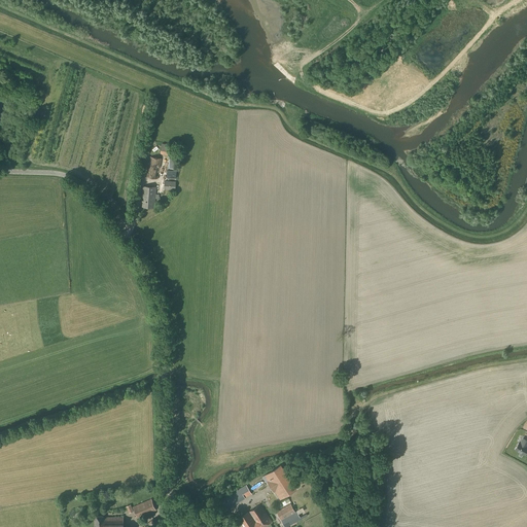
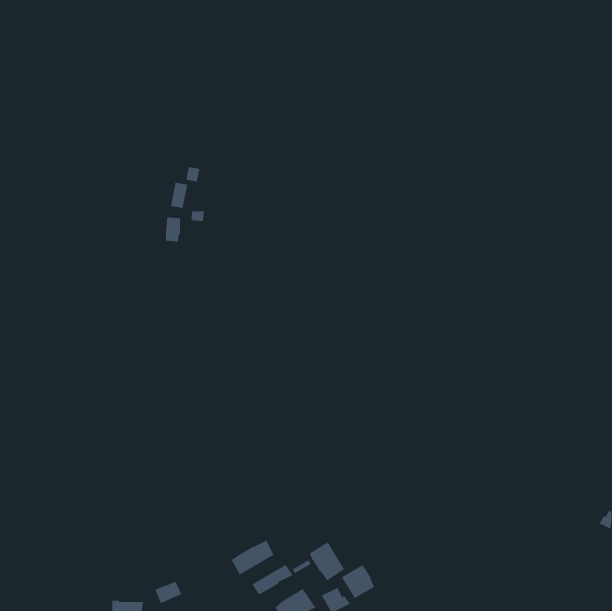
building: none -> [231,540,274,575]
building: none -> [341,564,375,599]

